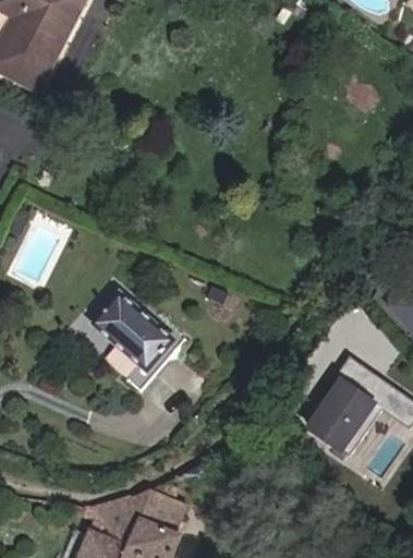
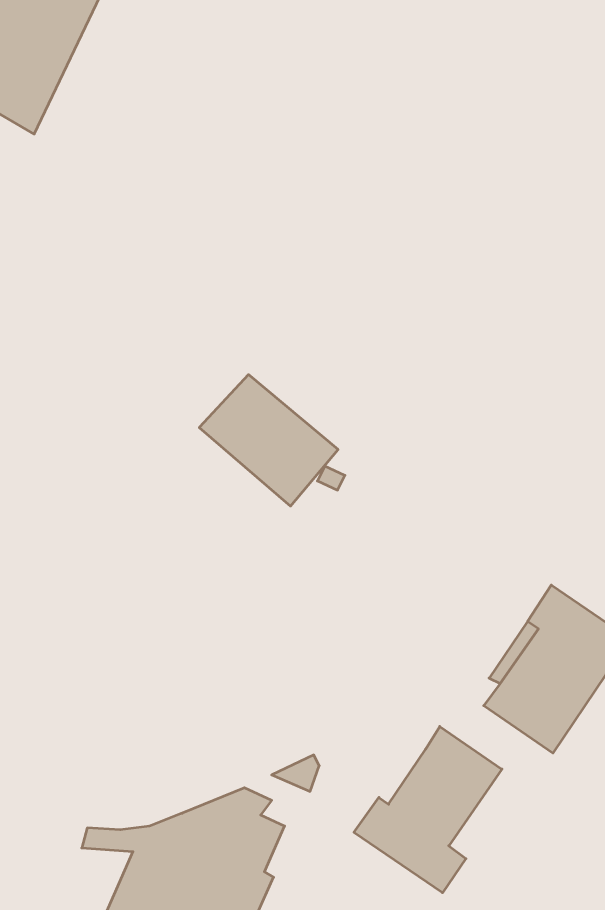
building: [90,293,173,372] -> [199,375,338,506]
building: none -> [354,726,502,893]

